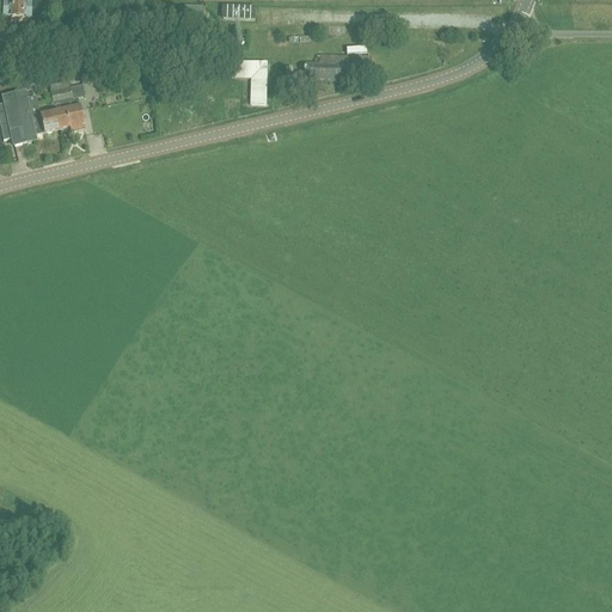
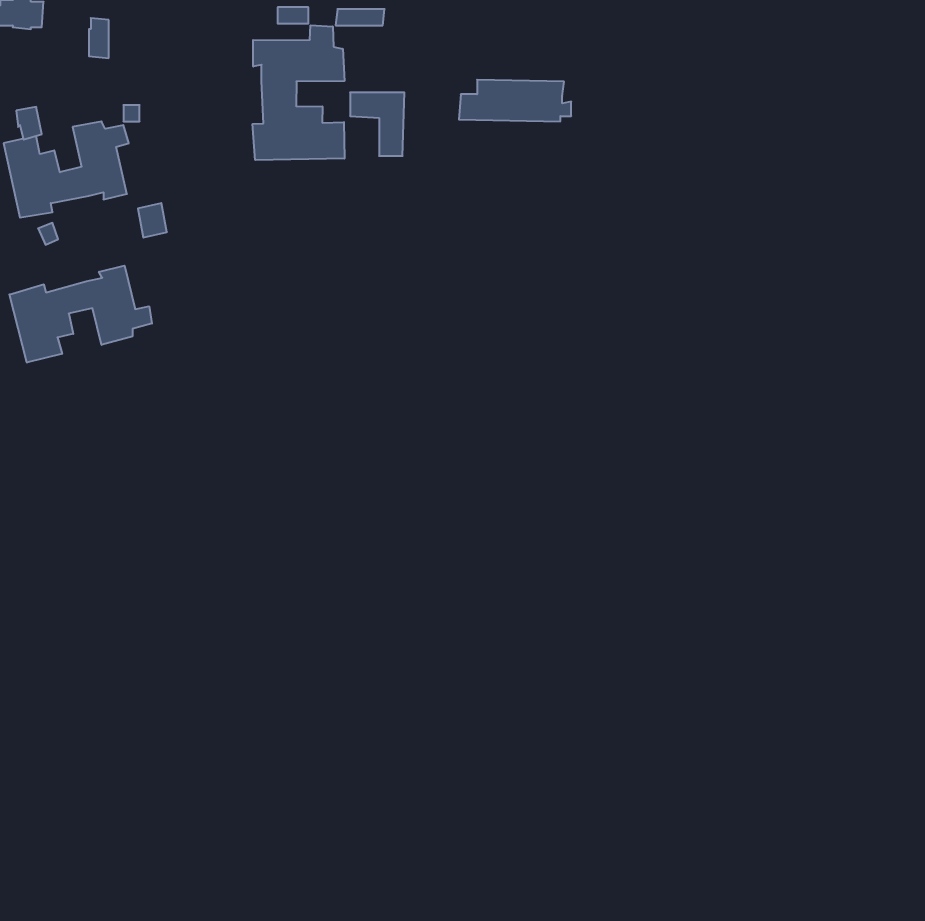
building: none -> [253,25,344,160]
building: none -> [9,266,152,363]

